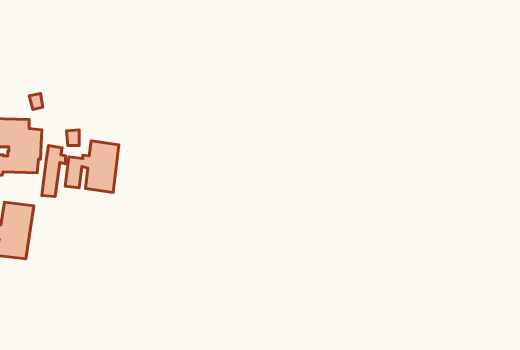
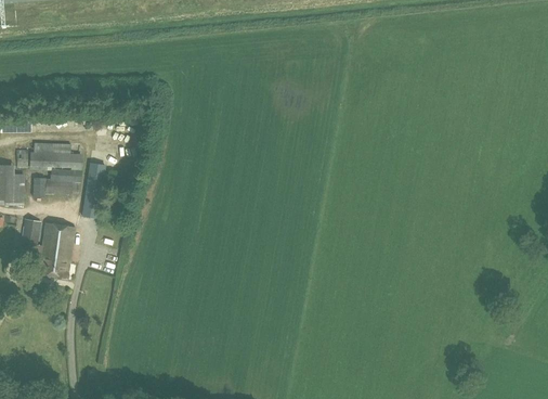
building: [65,141,119,193] -> none

